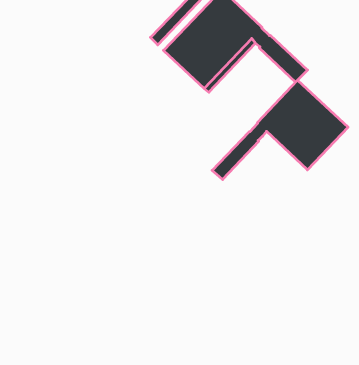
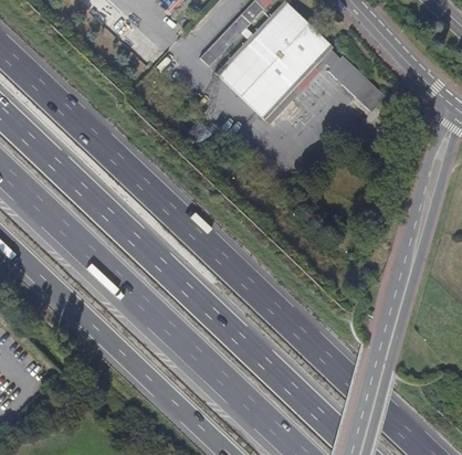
building: [212,80,348,180] -> none

